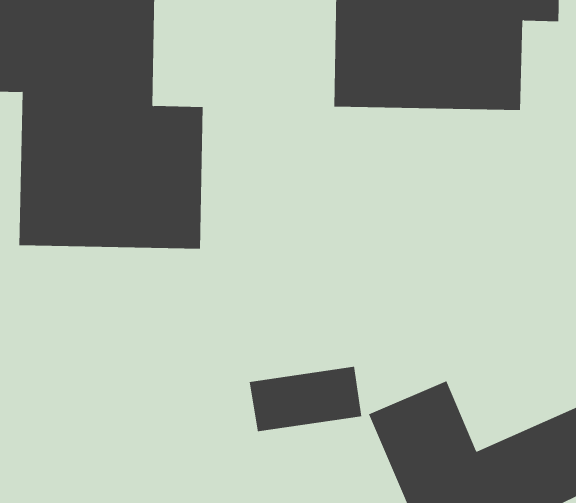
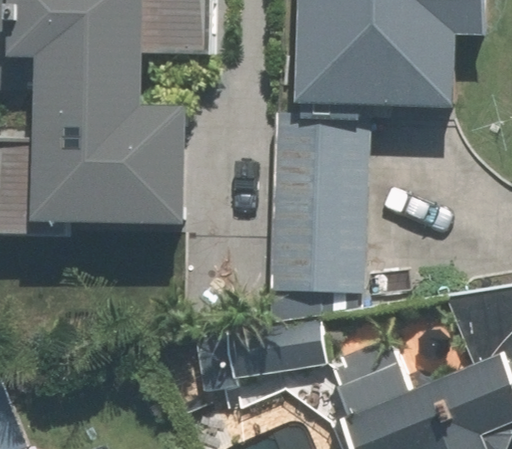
building: none -> [270,125,367,290]

